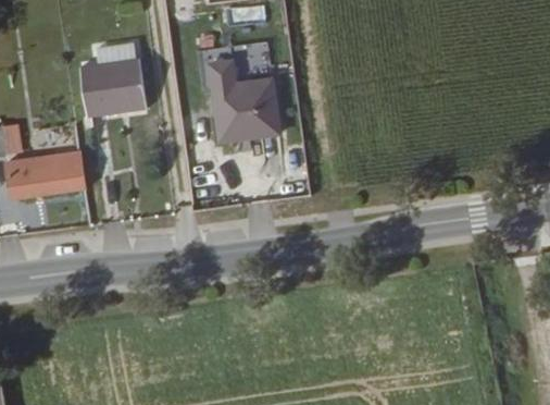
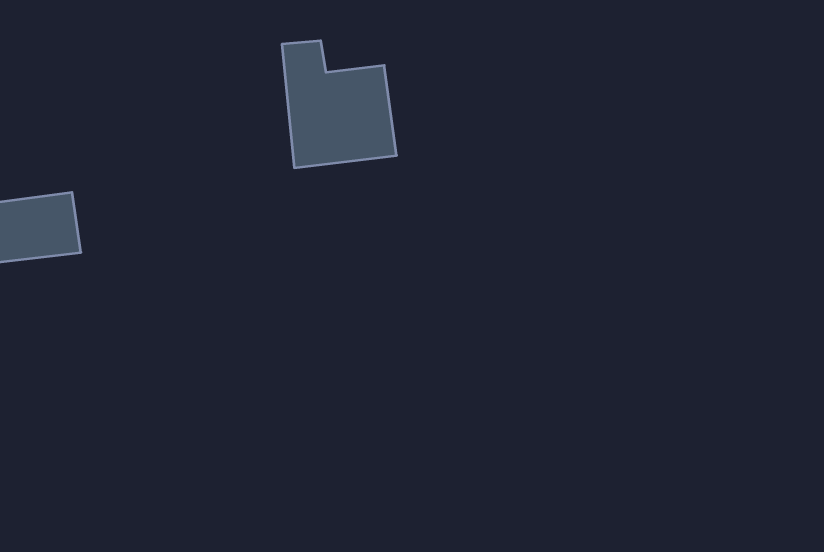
building: [84,59,146,113] -> none

